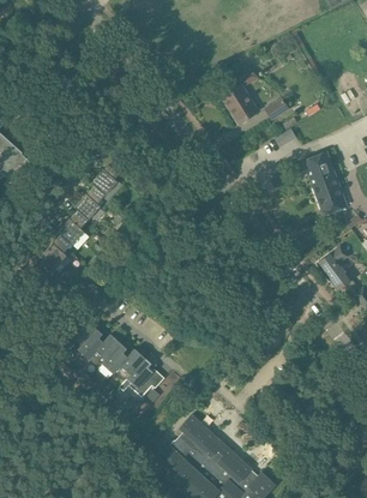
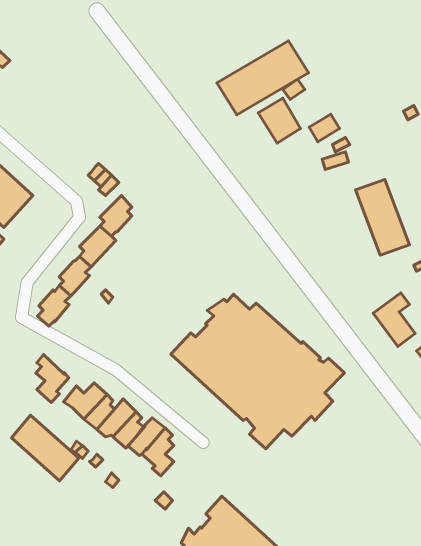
building: none -> [217,41,308,115]
building: none -> [171,294,345,449]
building: none -> [36,354,69,402]
building: none -> [11,415,79,481]

